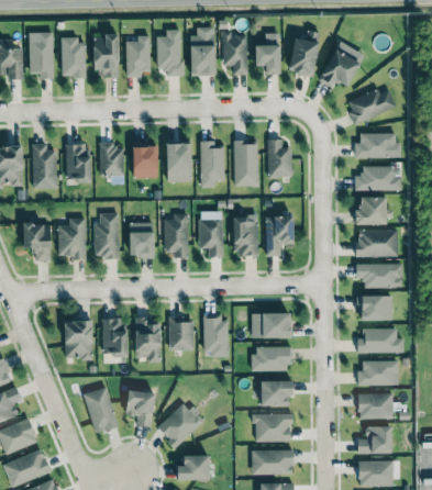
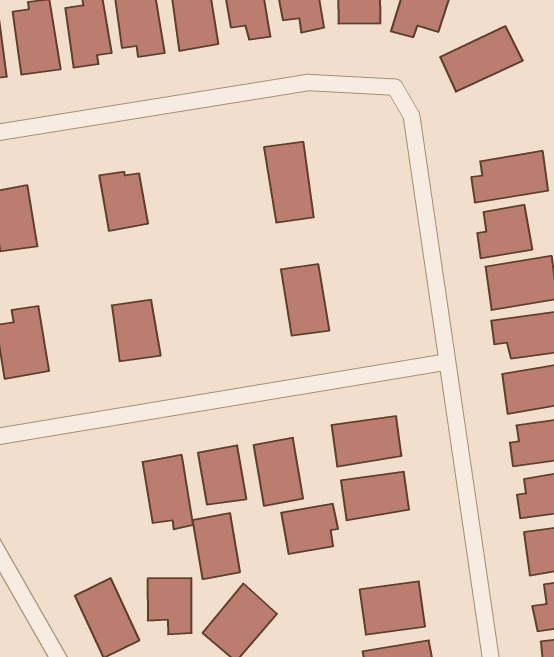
building: [355,133,402,158] -> none
building: [268,140,292,178] -> none
building: [100,143,124,176] -> none
building: [166,143,191,182] -> none
building: [201,143,225,188] -> none
building: [199,211,224,257] -> none
building: [95,213,119,258] -> none
building: [164,213,189,257] -> none
building: [265,215,295,256] -> none
building: [102,319,126,356] -> [193,513,240,579]
building: [64,321,92,359] -> none
building: [261,380,293,407] -> [281,504,338,554]

